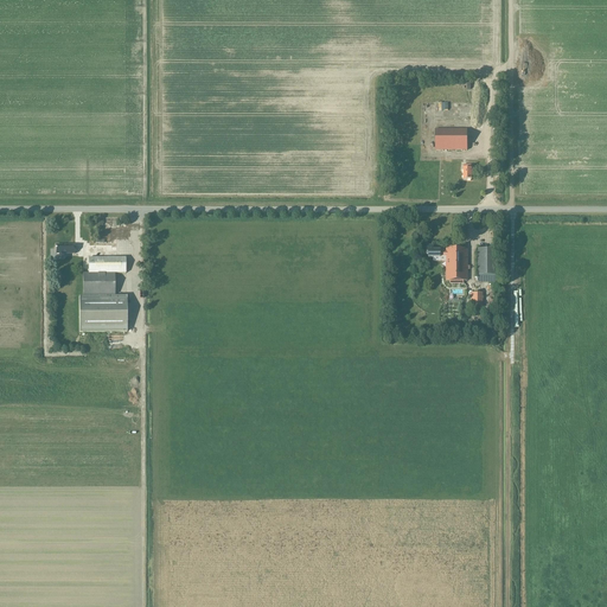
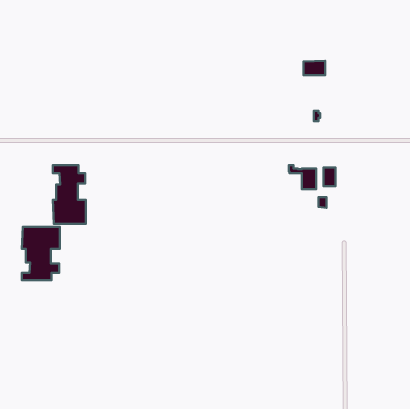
building: [435,128,467,149] -> [304,61,325,75]
building: none -> [22,227,60,280]

